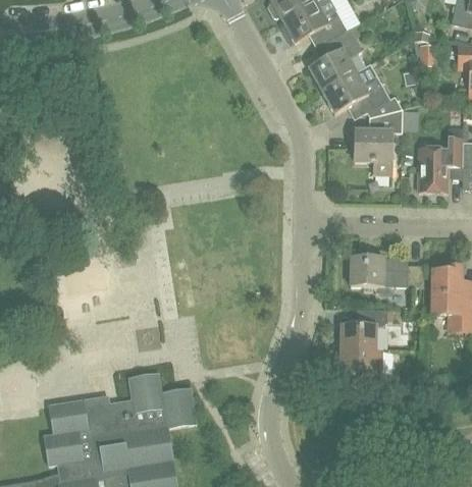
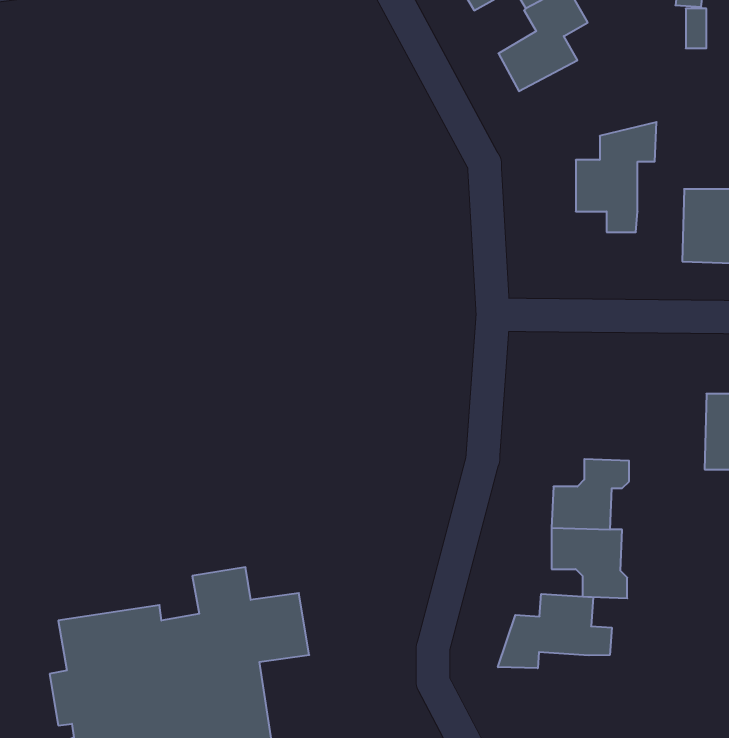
building: [321,72,403,117] -> none
building: [350,257,424,287] -> none
building: none -> [498,594,612,668]

